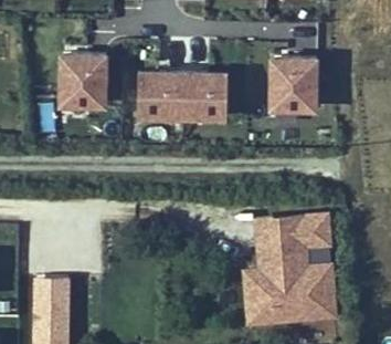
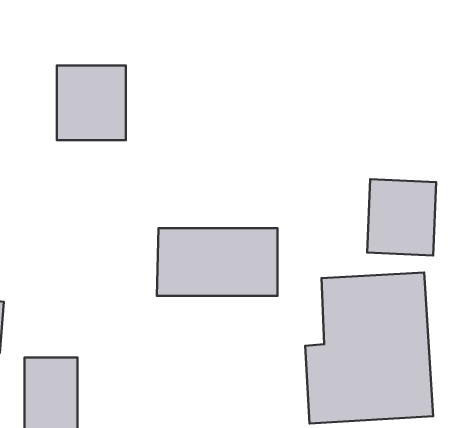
building: [265,60,317,117] -> [367,179,436,255]
building: [135,74,225,125] -> [157,228,277,296]

